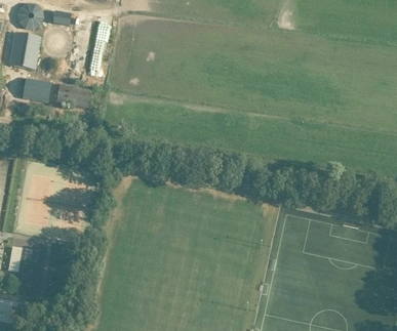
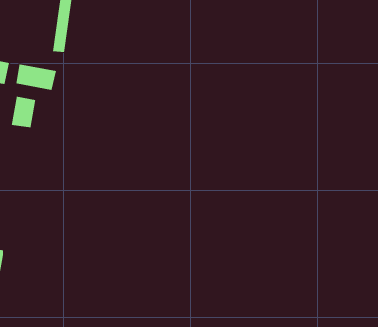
building: none -> [11,96,36,128]

